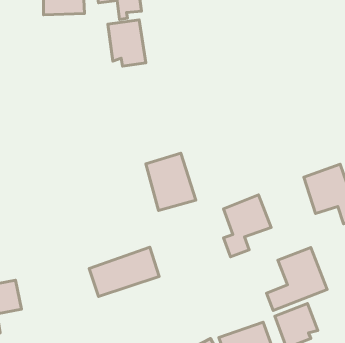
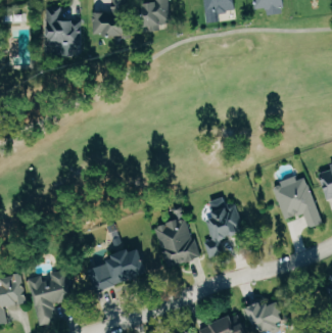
building: [108,20,146,66] -> none
building: [146,153,196,211] -> [154,217,198,267]
building: [266,247,327,311] -> none
building: none -> [27,274,73,323]

